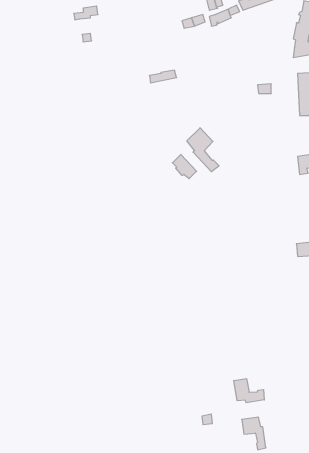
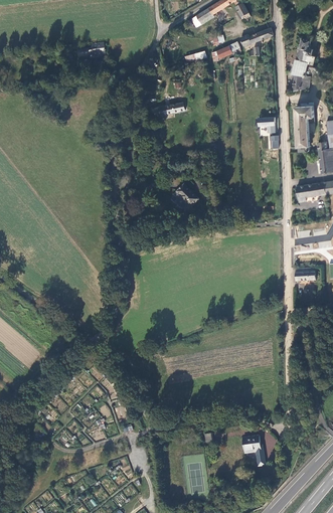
building: [187,128,219,172] -> none
building: [234,379,264,403] -> none

